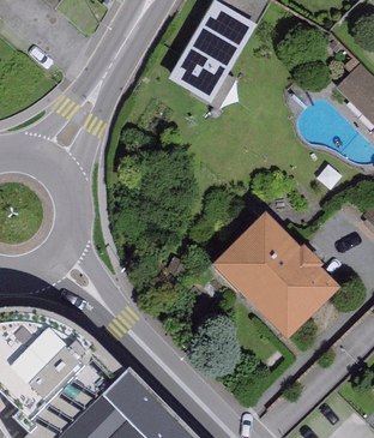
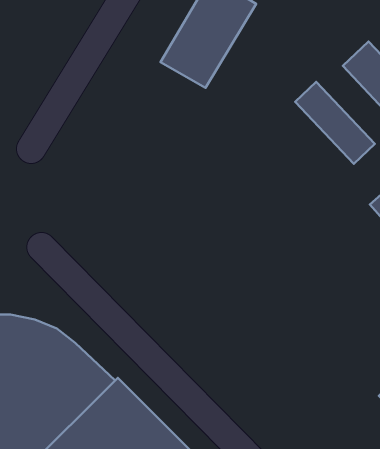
building: none -> [295,82,375,164]
building: [212,212,338,338] -> none

